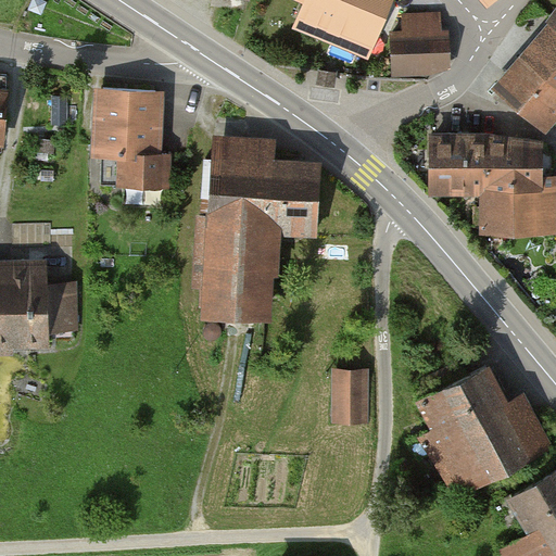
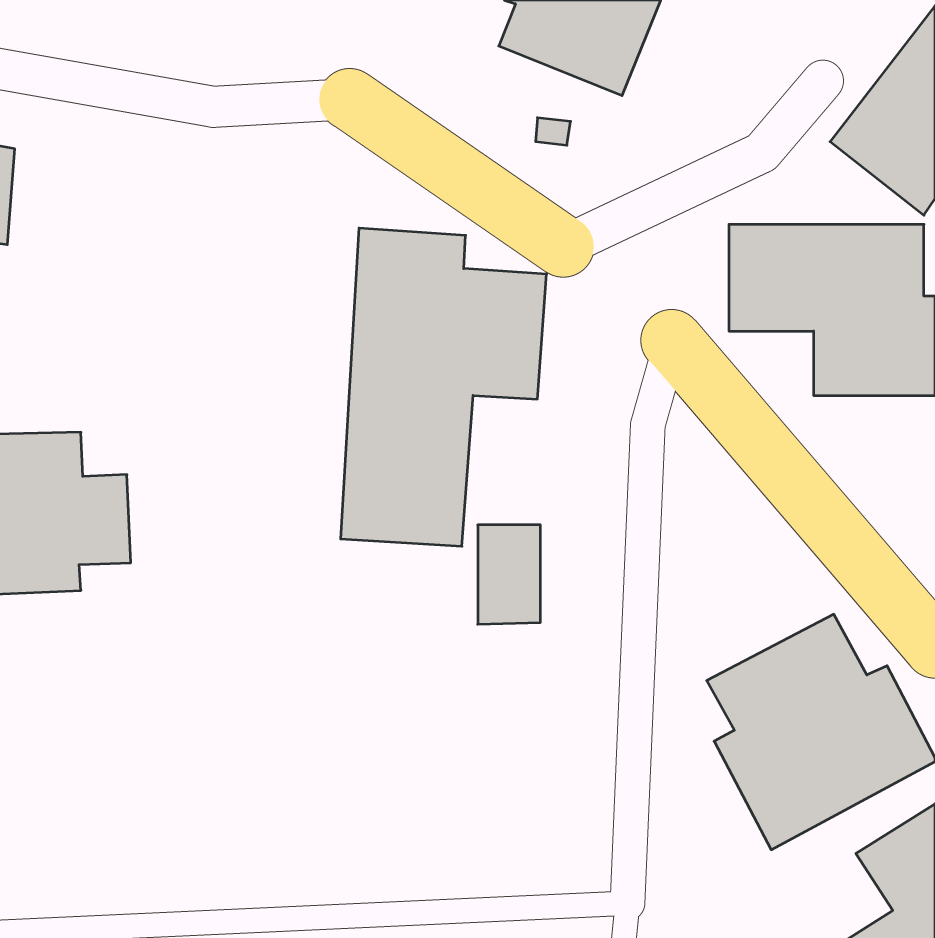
building: [389,11,451,76] -> none
building: [93,90,166,186] -> none
building: [330,367,367,426] -> [478,525,540,624]

